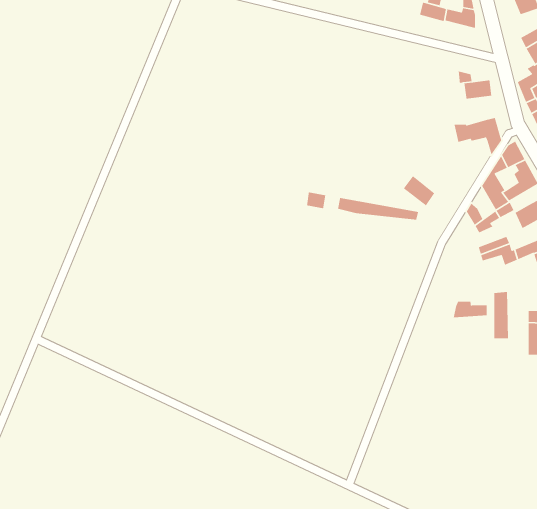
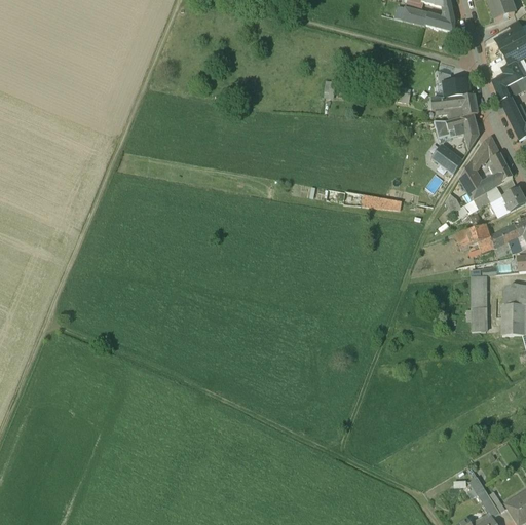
building: none -> [431,95,478,116]
building: [403,175,435,206] -> [431,145,461,174]
building: [453,301,487,318] -> none

